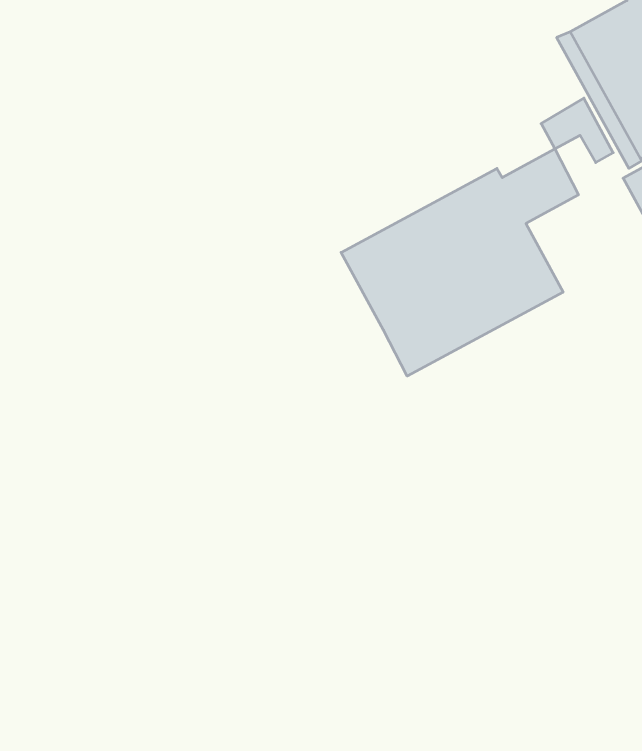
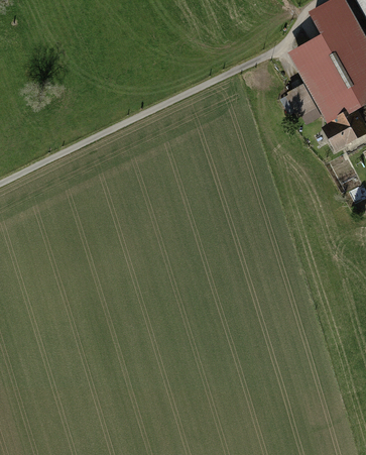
building: [341,149,578,376] -> none

